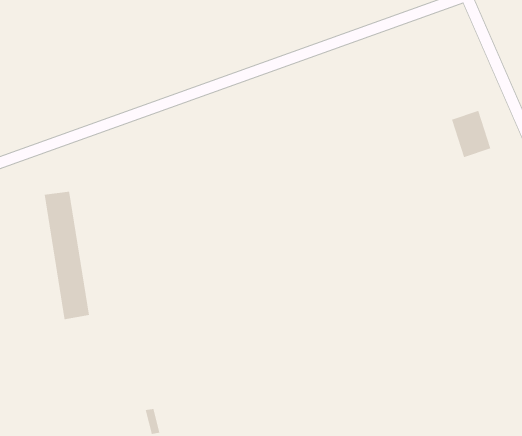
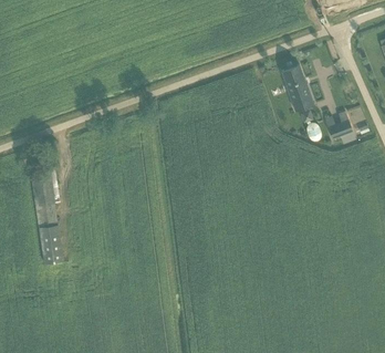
building: none -> [279,62,311,108]

